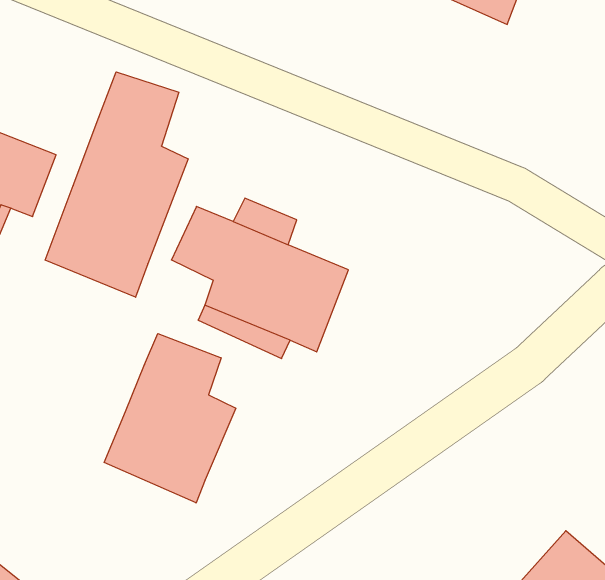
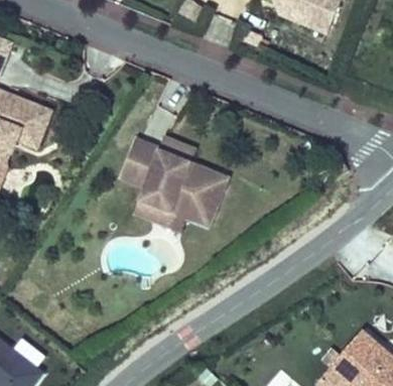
building: [45,72,188,297] -> none
building: [104,334,236,503] -> none

